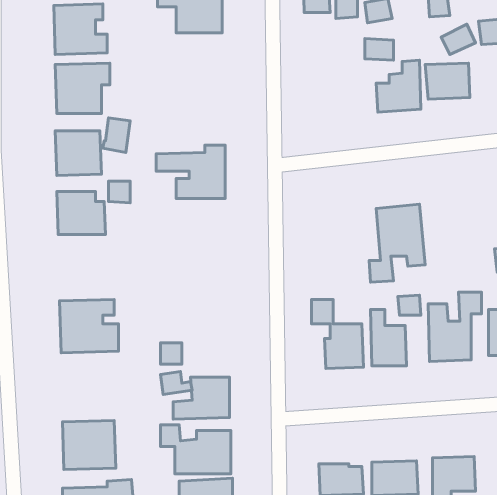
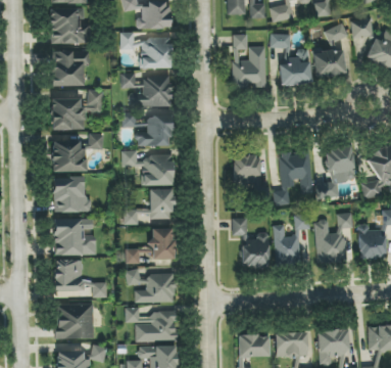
building: none -> [120,32,172,67]
building: none -> [233,34,266,88]
building: none -> [123,73,172,106]
building: none -> [315,146,355,199]
building: none -> [123,150,174,185]
building: none -> [233,154,270,201]
building: none -> [53,177,92,212]
building: none -> [124,189,174,225]
building: none -> [151,228,175,259]
building: none -> [54,260,108,297]

